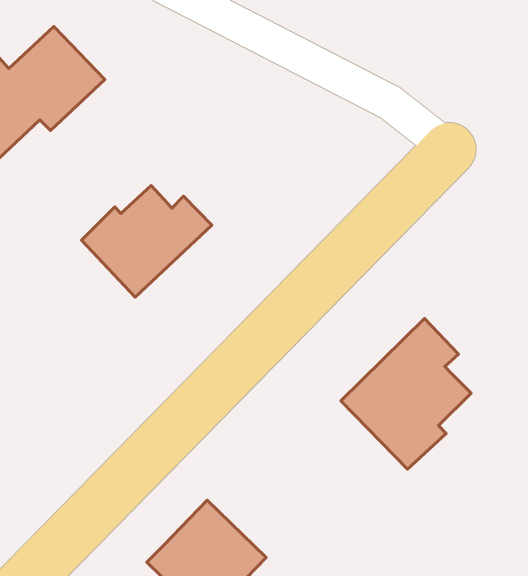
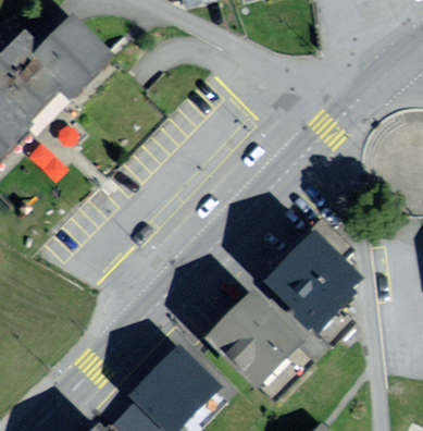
building: [81,186,212,297] -> none
building: none -> [210,301,293,384]

